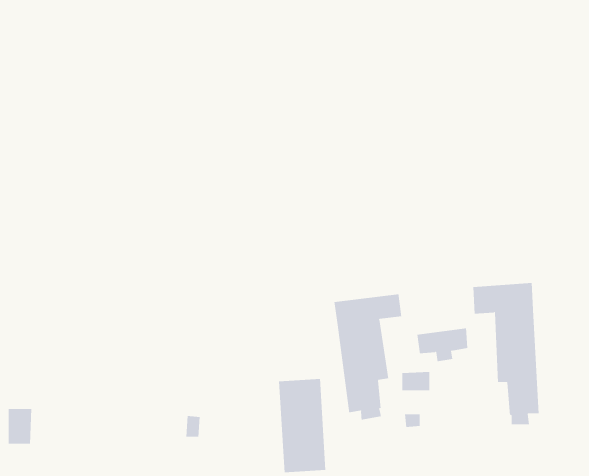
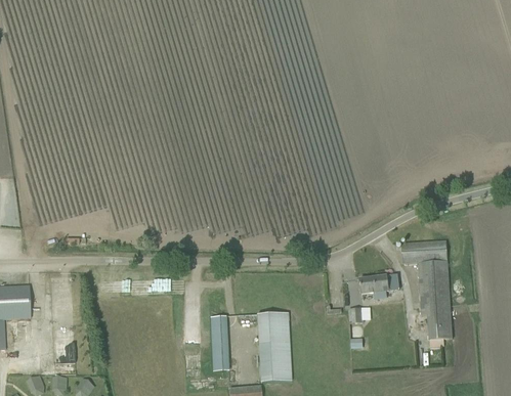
building: [334,294,402,421] -> none
building: none -> [209,315,227,370]

